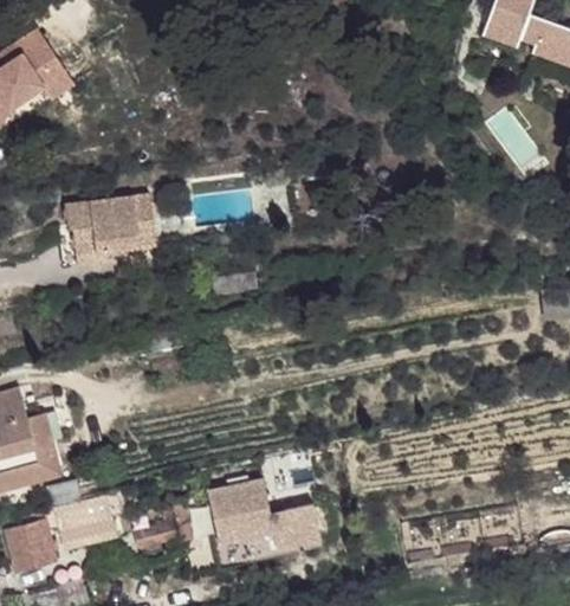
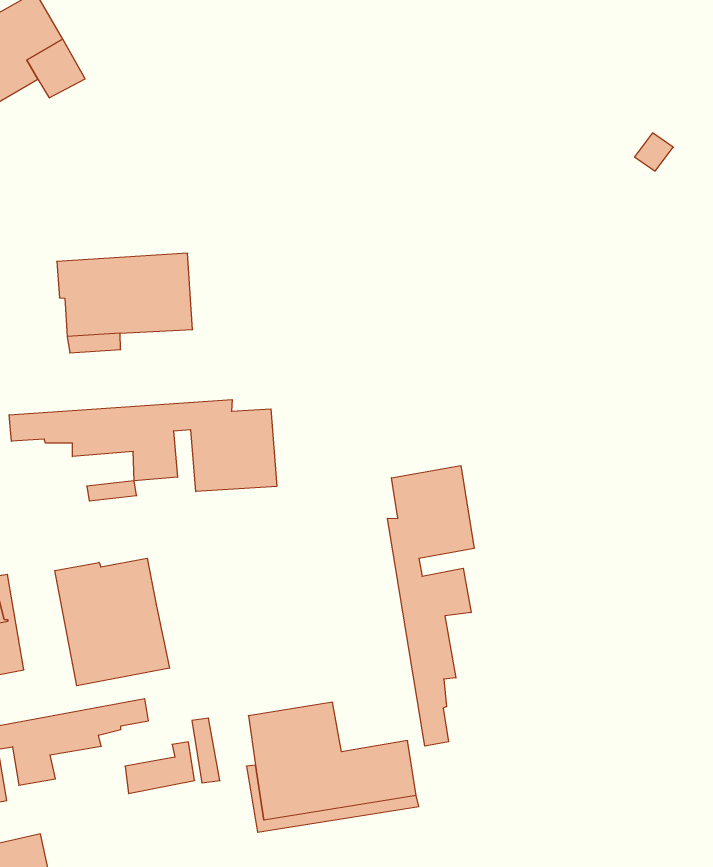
building: none -> [9,400,277,492]
building: none -> [387,466,474,746]
building: none -> [55,558,169,686]

